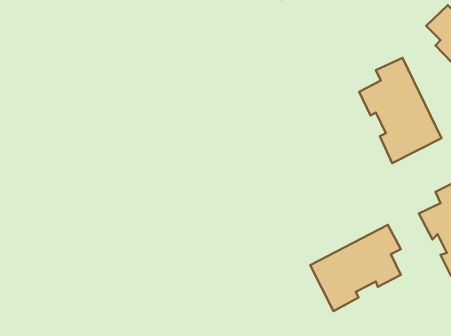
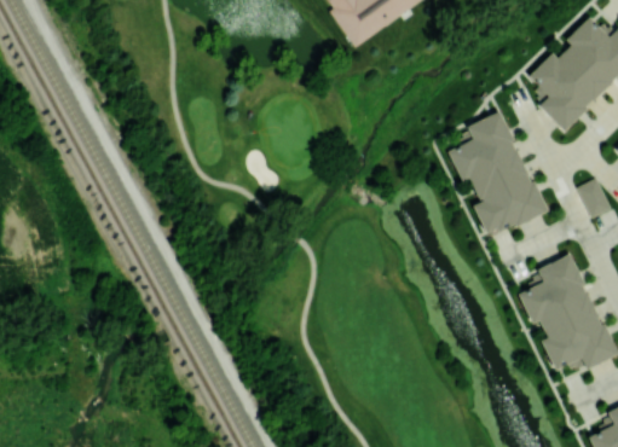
building: [310,225,401,311] -> none

